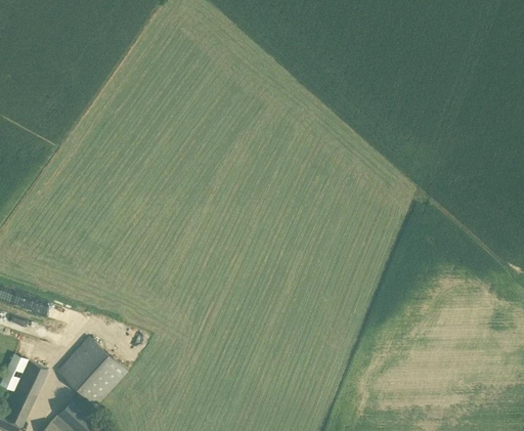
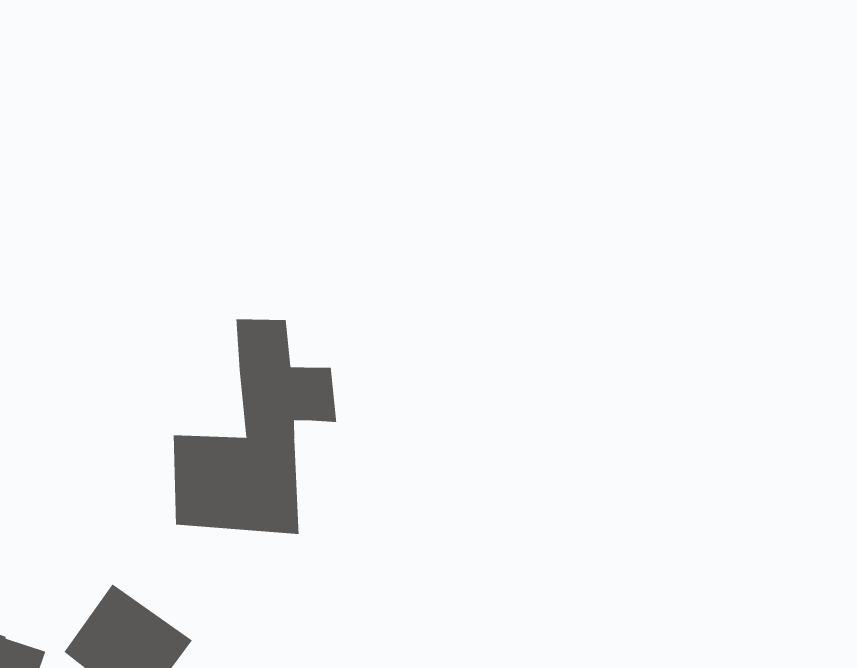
building: none -> [173,319,337,535]

